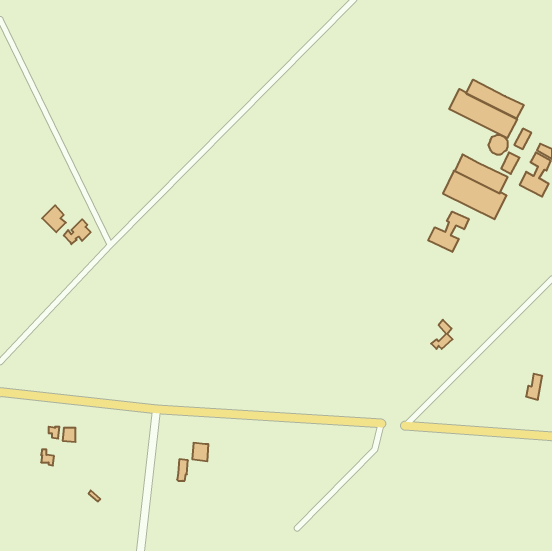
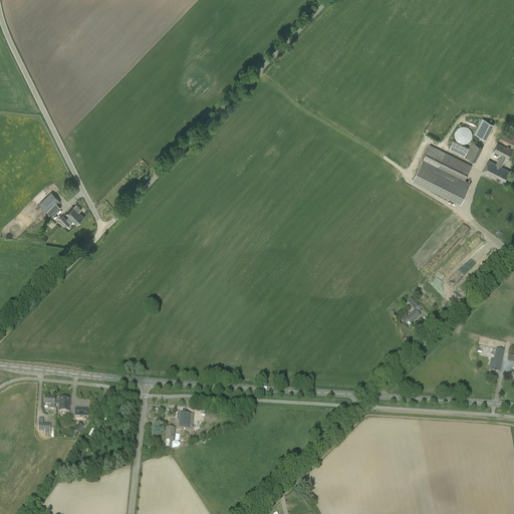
building: [449,80,524,138] -> none
building: [428,212,469,252] -> none

